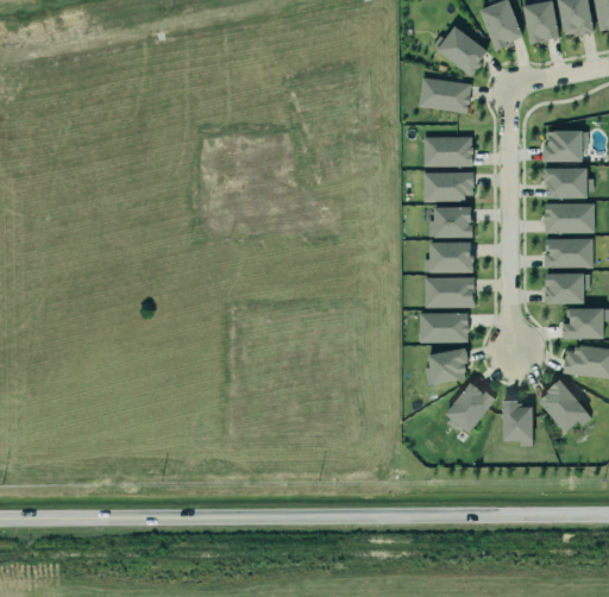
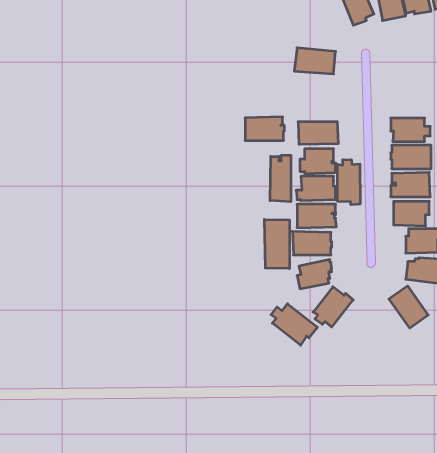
building: [433,26,490,75] -> none
building: [541,131,580,161] -> none
building: [422,136,472,165] -> [245,117,284,140]
building: none -> [270,155,291,202]
building: none -> [338,160,360,205]
building: none -> [264,219,289,269]
building: [504,401,534,446] -> none
building: none -> [271,304,317,345]

